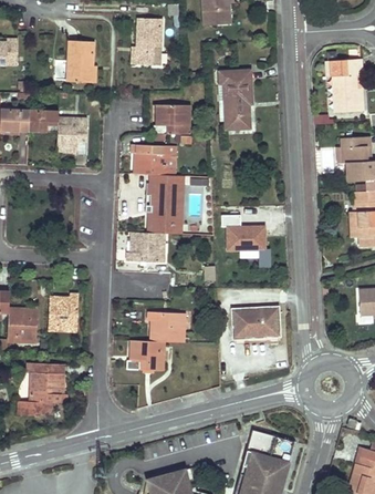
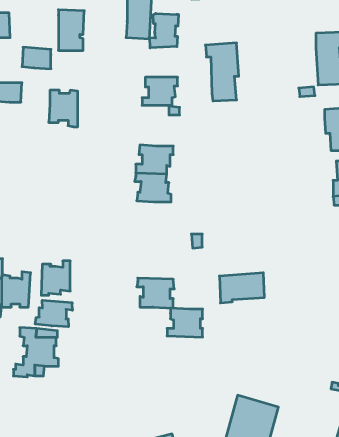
building: none -> [150,13,178,48]
building: [28,111,58,133] -> [22,47,51,69]
building: [132,144,178,176] -> none
building: [220,215,270,267] -> none
building: [127,233,165,263] -> none
building: none -> [35,300,72,327]
building: [127,341,164,371] -> [167,308,203,337]

